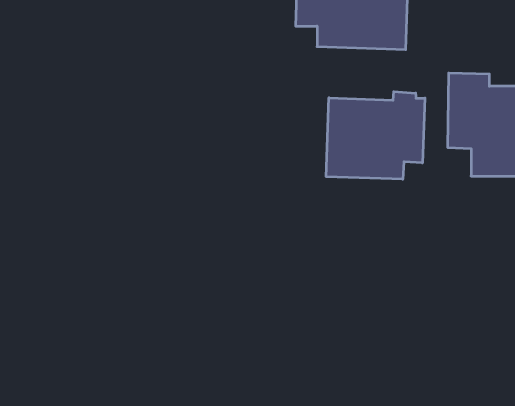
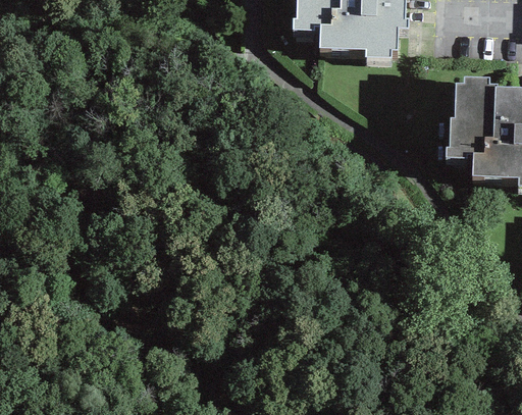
building: [326,92,425,179] -> none

